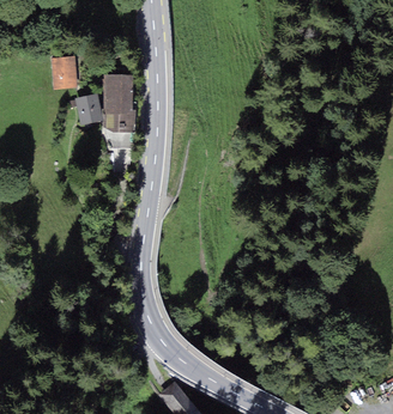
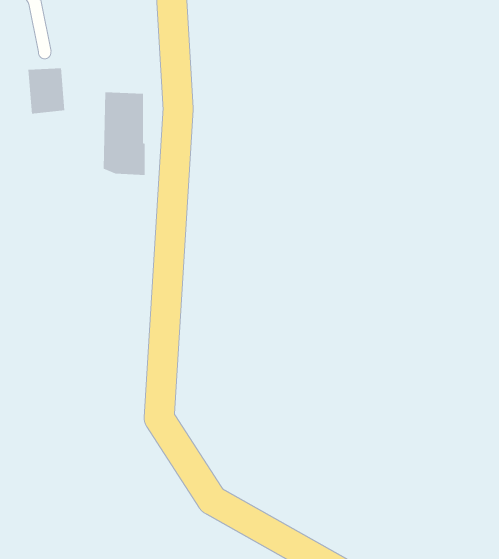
building: [75,92,103,123] -> none

